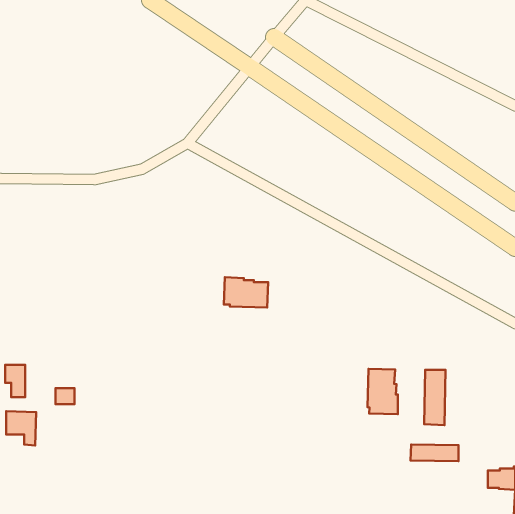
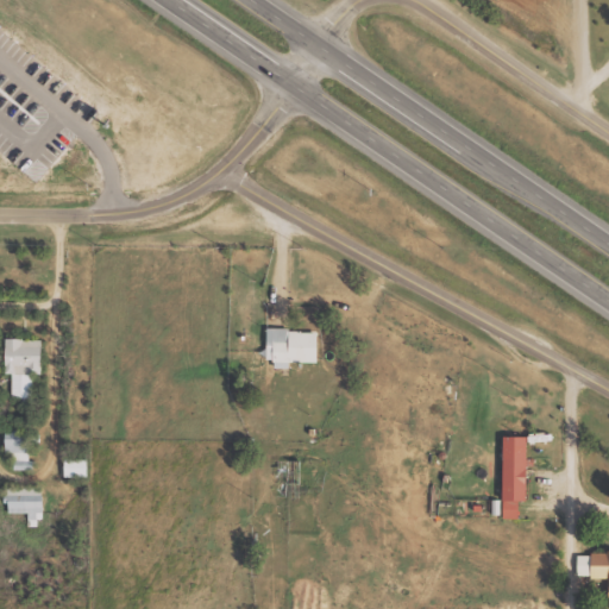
building: none -> [6,339,43,398]
building: [367,369,398,414] -> none
building: [411,444,459,461] -> none

